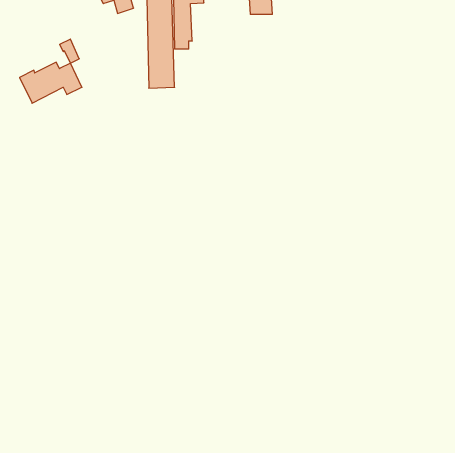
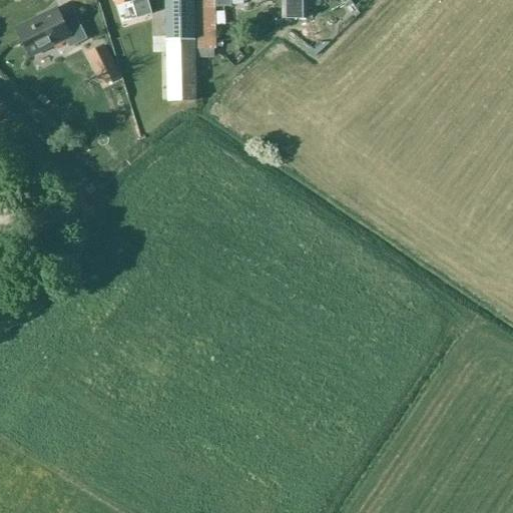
building: [20,62,82,103] -> [16,9,86,55]

